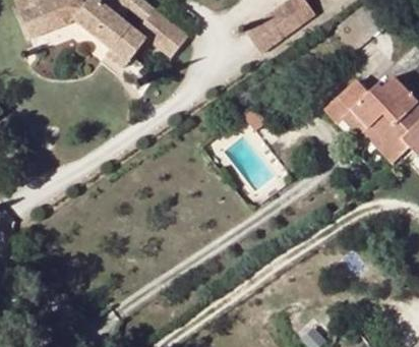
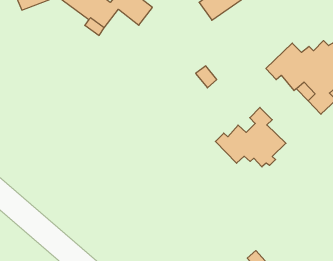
building: none -> [215,107,286,167]

